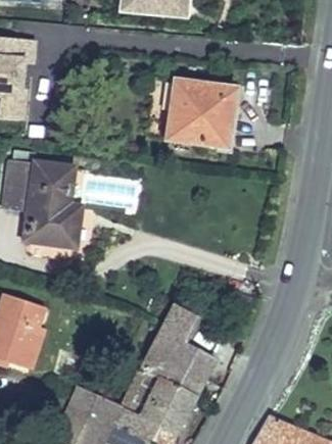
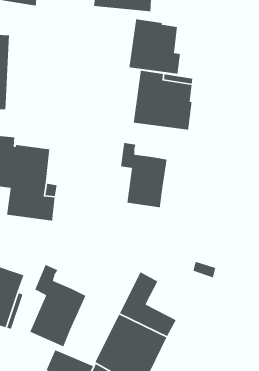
building: none -> [128,18,181,75]
building: none -> [120,142,167,208]
building: none -> [29,264,86,348]

